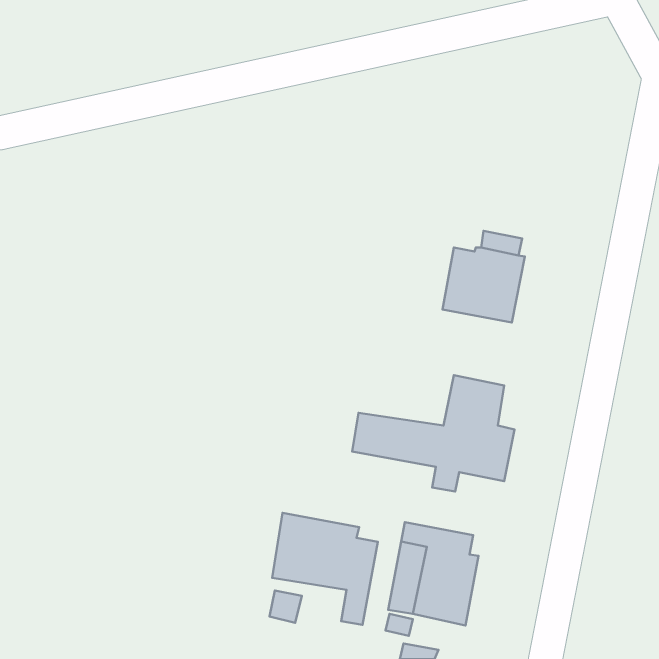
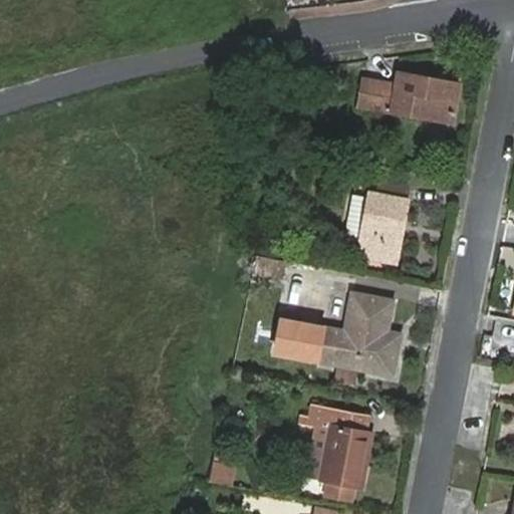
building: none -> [358,72,460,122]
building: [272,513,378,625] -> none

